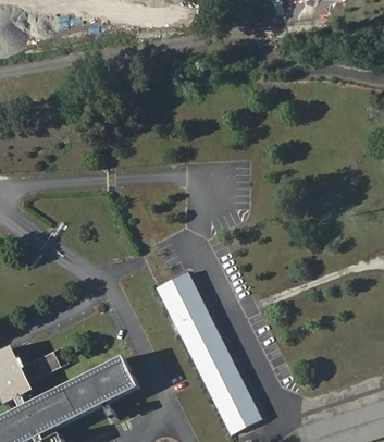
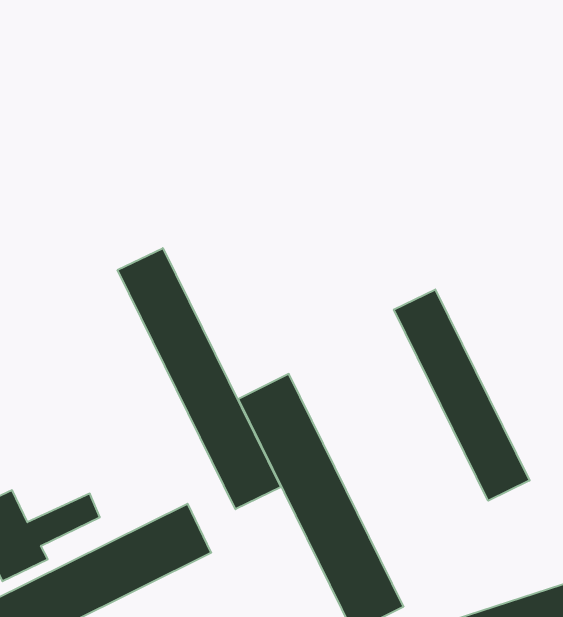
building: none -> [118,248,281,509]
building: none -> [394,289,530,501]

